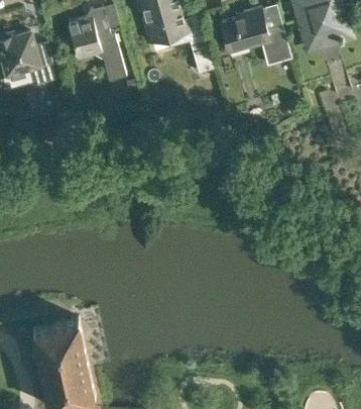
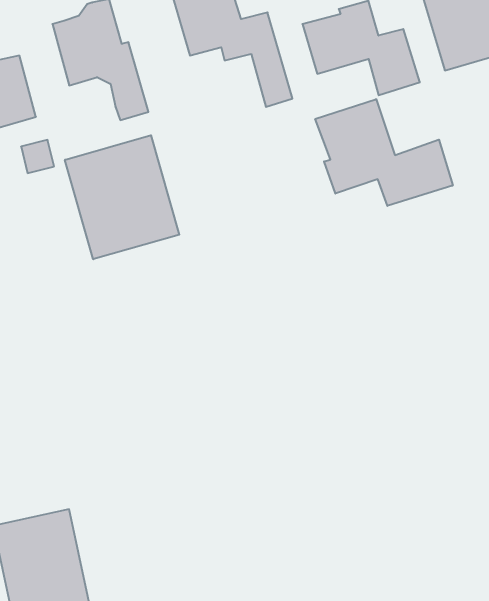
building: none -> [315,99,453,206]
building: none -> [65,135,179,259]

